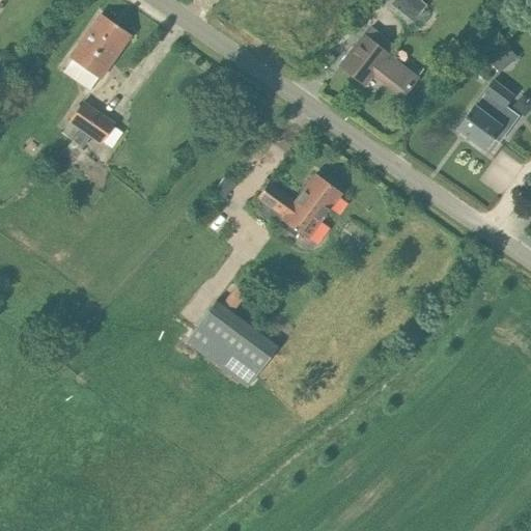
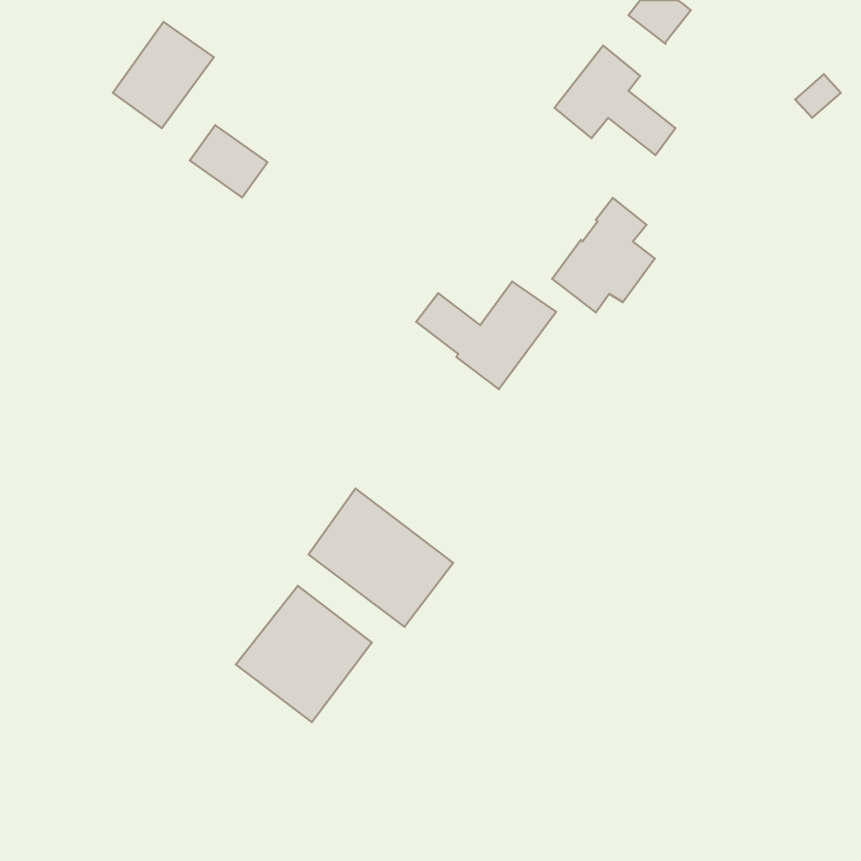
building: [456,79,520,149] -> [552,198,655,312]
building: [68,101,116,145] -> [190,125,267,198]
building: none -> [236,586,372,722]

